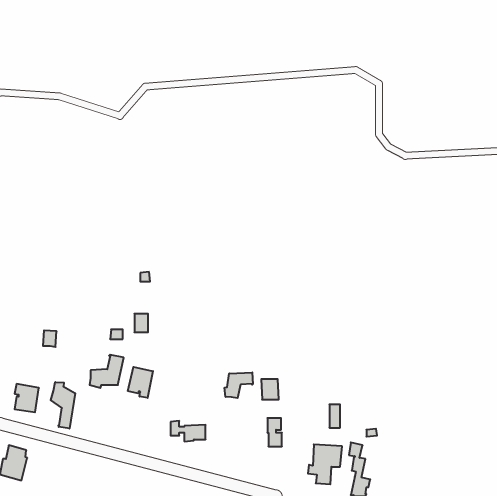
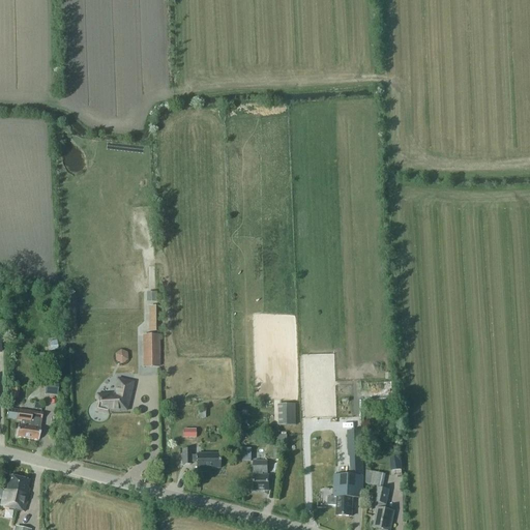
building: [128,367,153,398] -> none
building: [225,372,253,398] -> none
building: [51,382,75,429] -> none
building: [267,418,282,446] -> [253,459,268,489]

